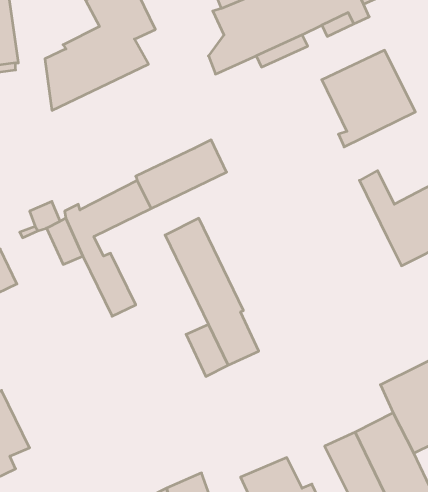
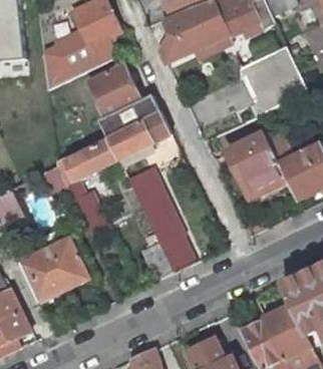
building: none -> [89,63,149,135]
building: none -> [229,131,288,197]
building: none -> [19,236,89,303]

